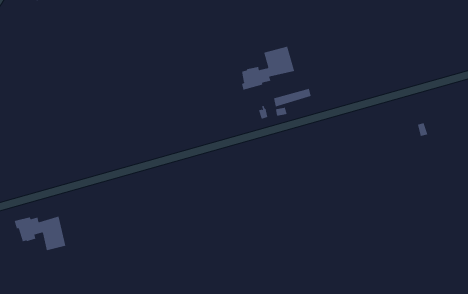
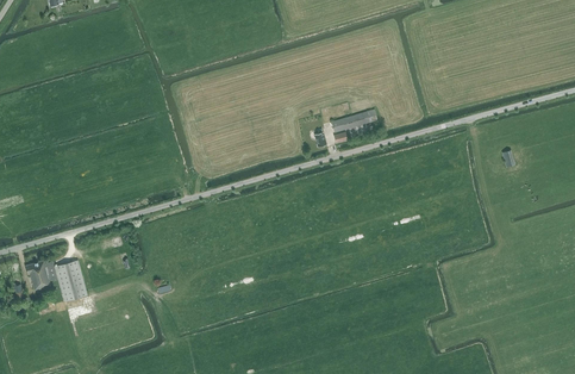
building: [241,46,295,90] -> none

